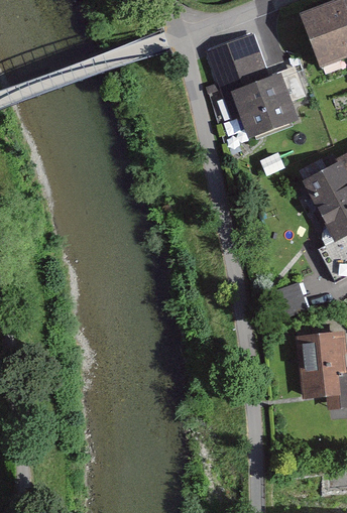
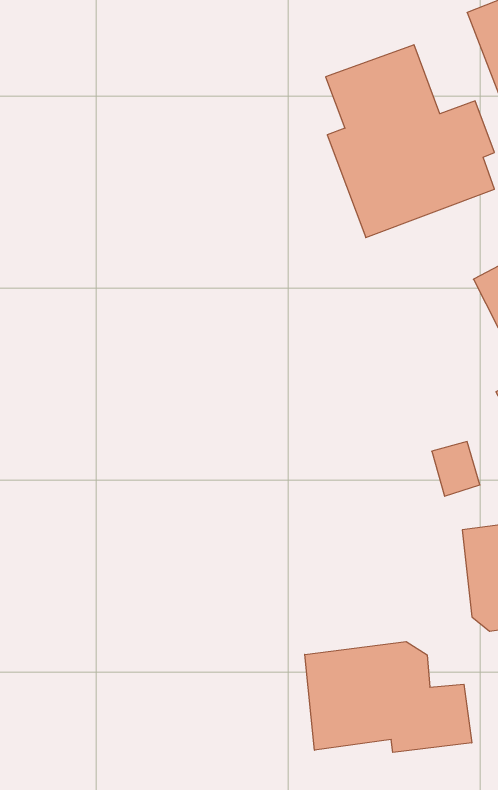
building: none -> [305,642,472,752]

